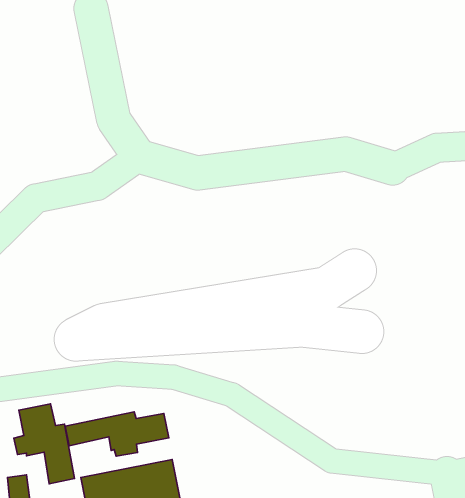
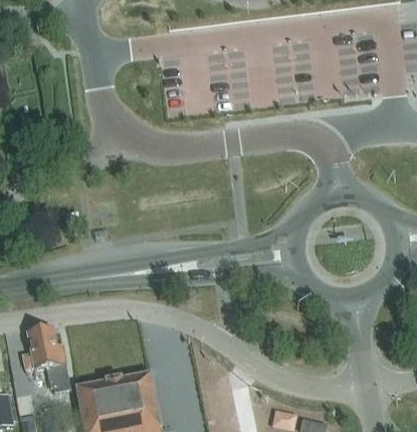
building: [65,412,169,456] -> none

